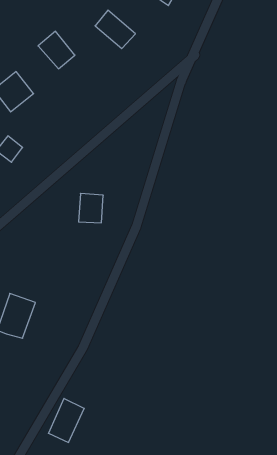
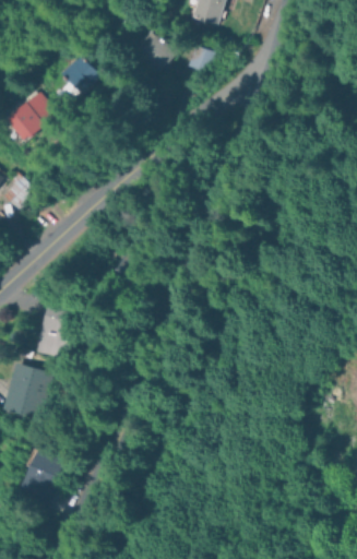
building: none -> [179,41,215,73]
building: none -> [36,302,83,359]
building: [48,398,84,442] -> [19,451,61,503]

